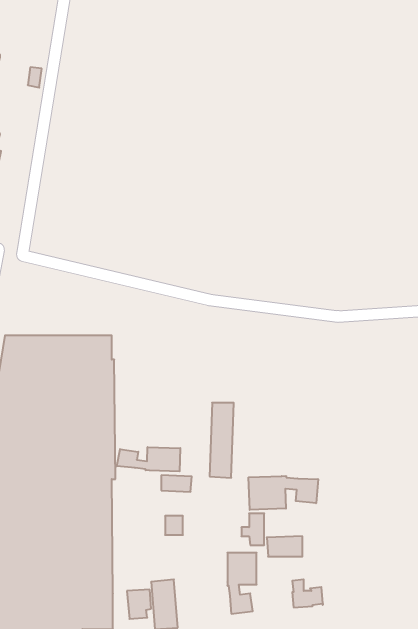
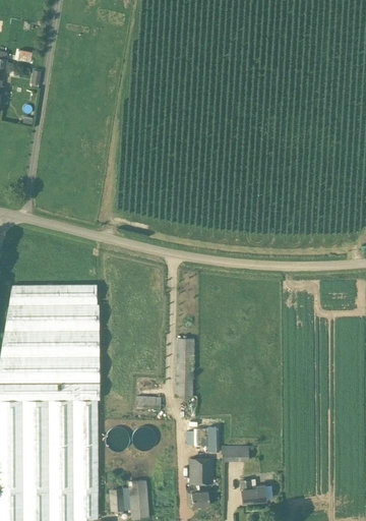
building: [117,447,180,471] -> none
building: [249,476,318,510] -> none

